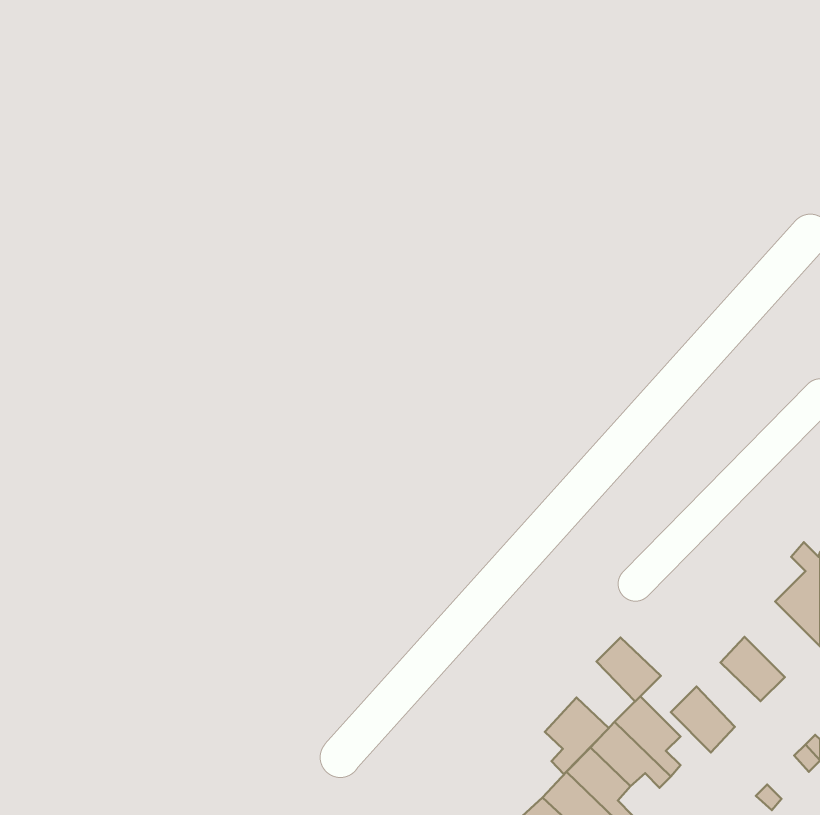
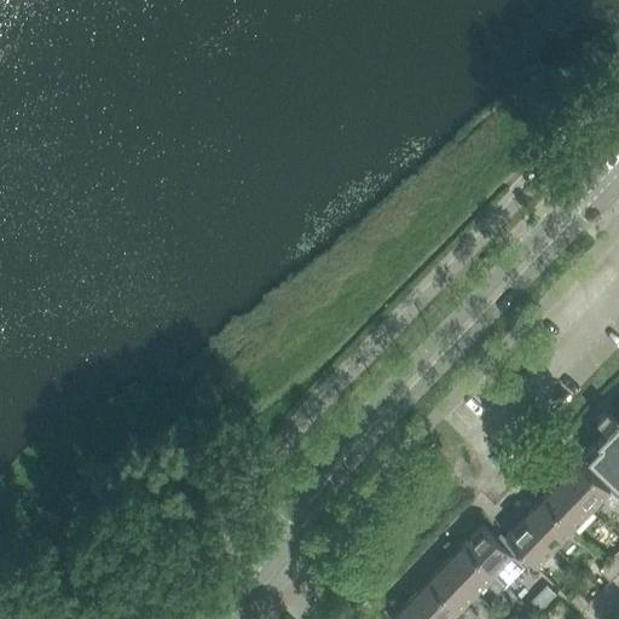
building: none -> [561,464,609,514]
building: [596,637,661,702] -> [525,503,573,551]
building: [545,698,609,774] -> none

